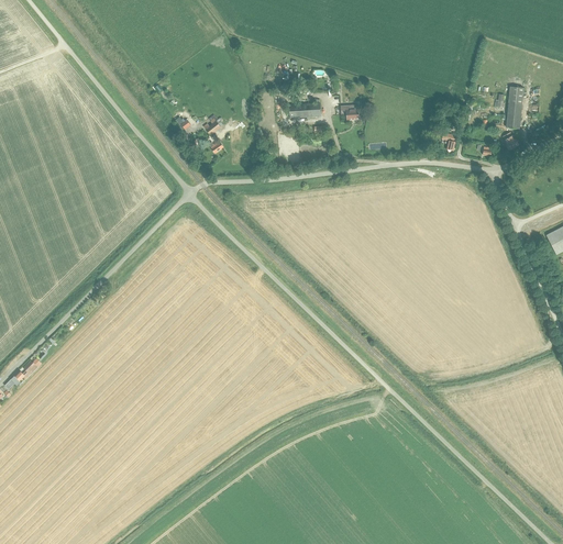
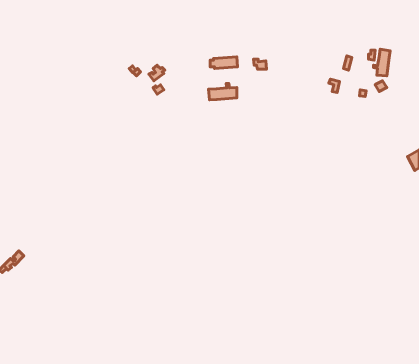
building: none -> [208,83,237,100]

